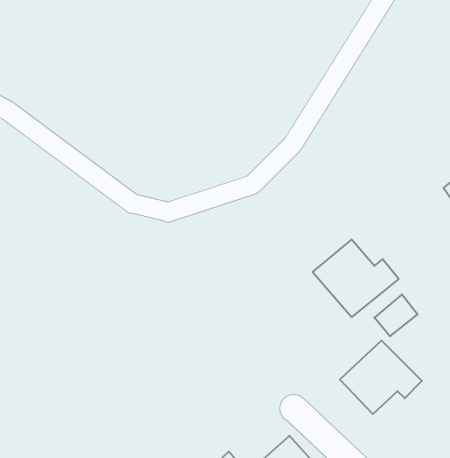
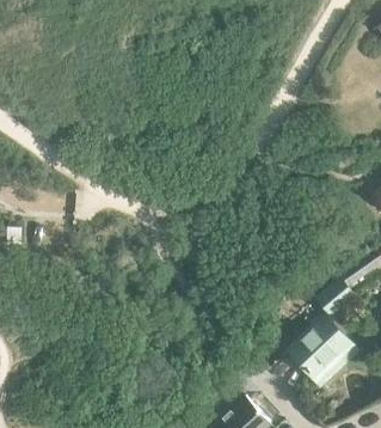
building: [313,239,399,317] -> none

